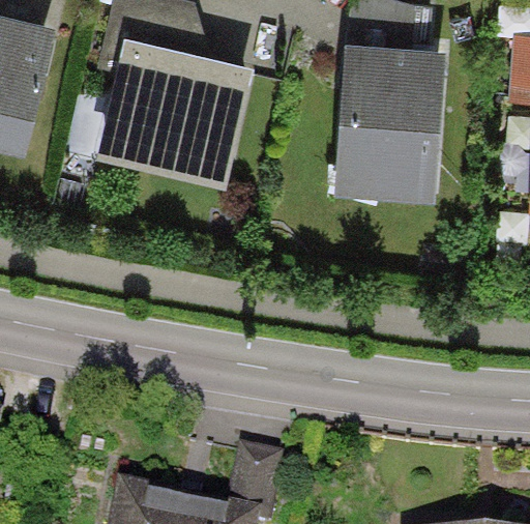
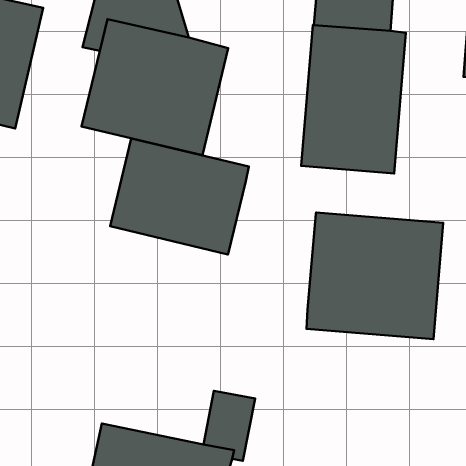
building: none -> [110,138,249,255]
building: none -> [307,213,443,339]

